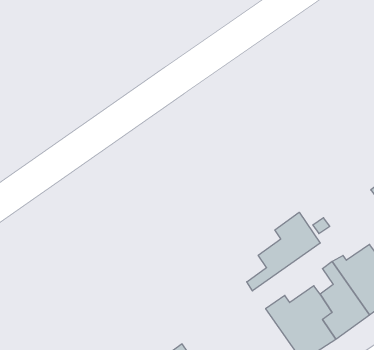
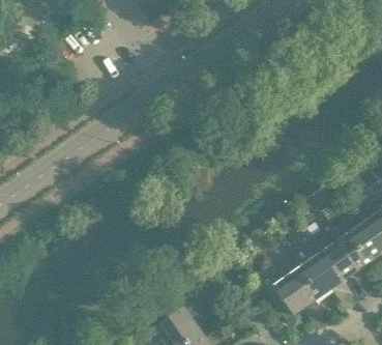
building: [247,212,320,291] -> none

